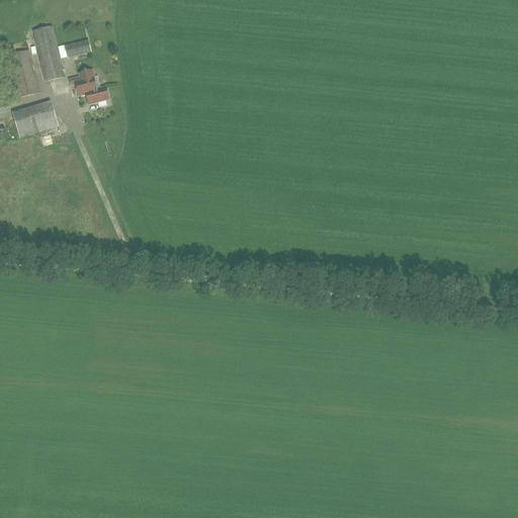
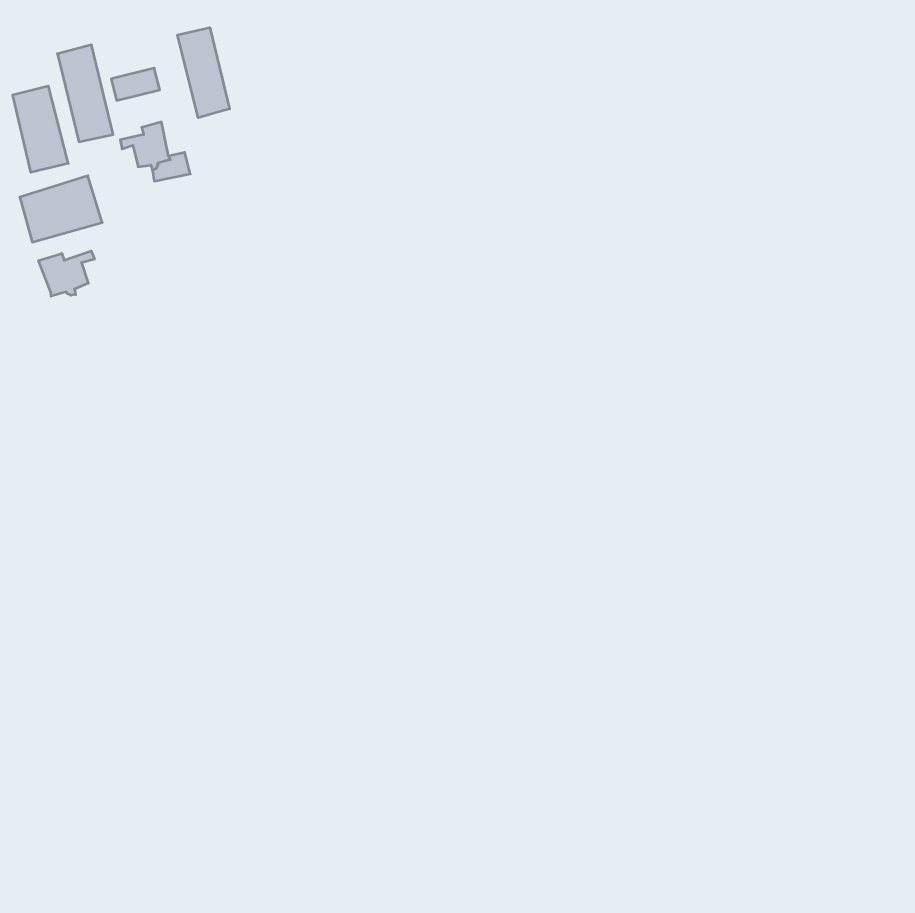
building: none -> [178,28,230,118]
building: none -> [39,251,94,296]

